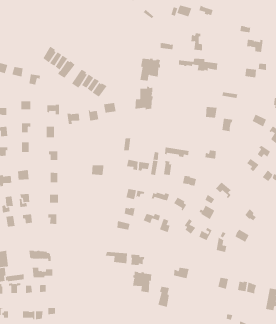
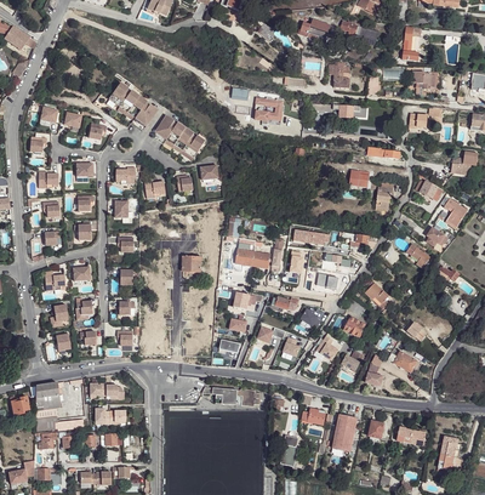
building: [135,86,153,110] -> none
building: [132,271,152,293] -> none
building: none -> [332,415,358,453]

